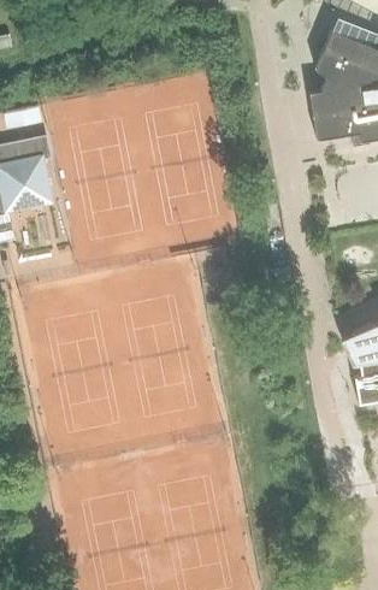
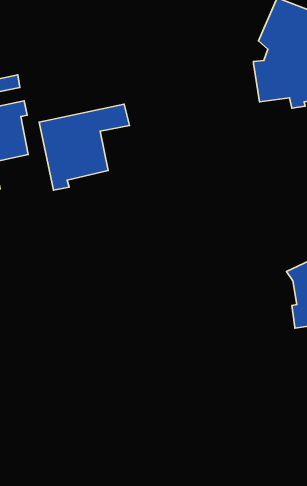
building: none -> [39,104,129,190]

